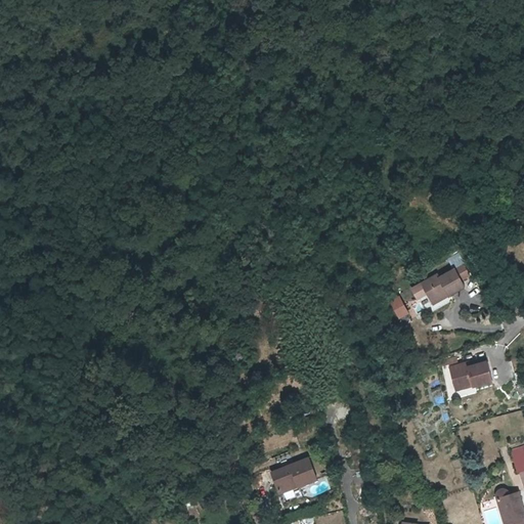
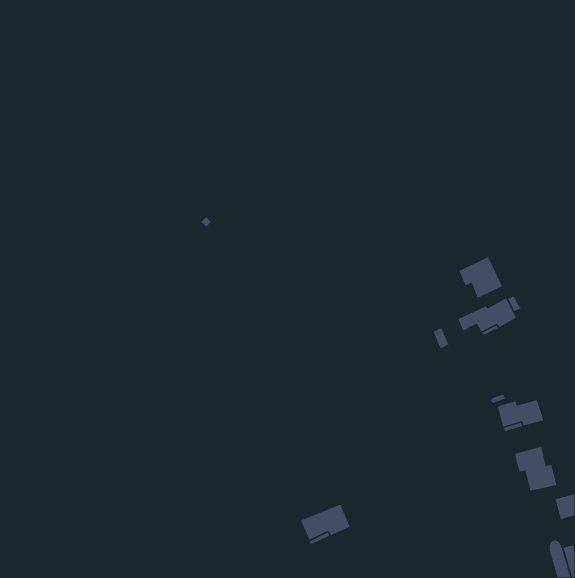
building: none -> [458,256,503,299]
building: none -> [515,446,557,492]

